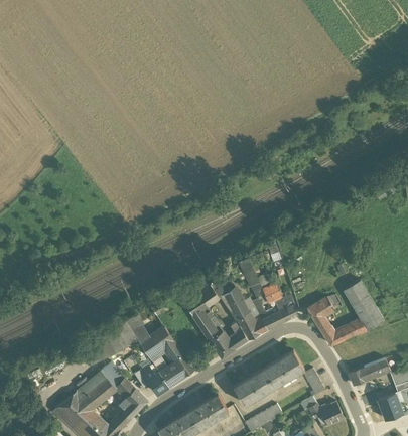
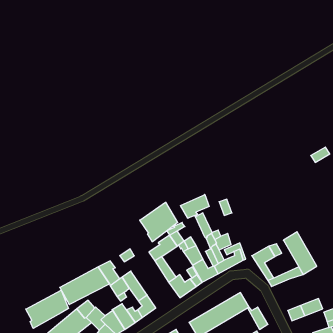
building: none -> [180,194,209,218]
building: none -> [140,202,178,242]
building: none -> [26,290,68,328]

